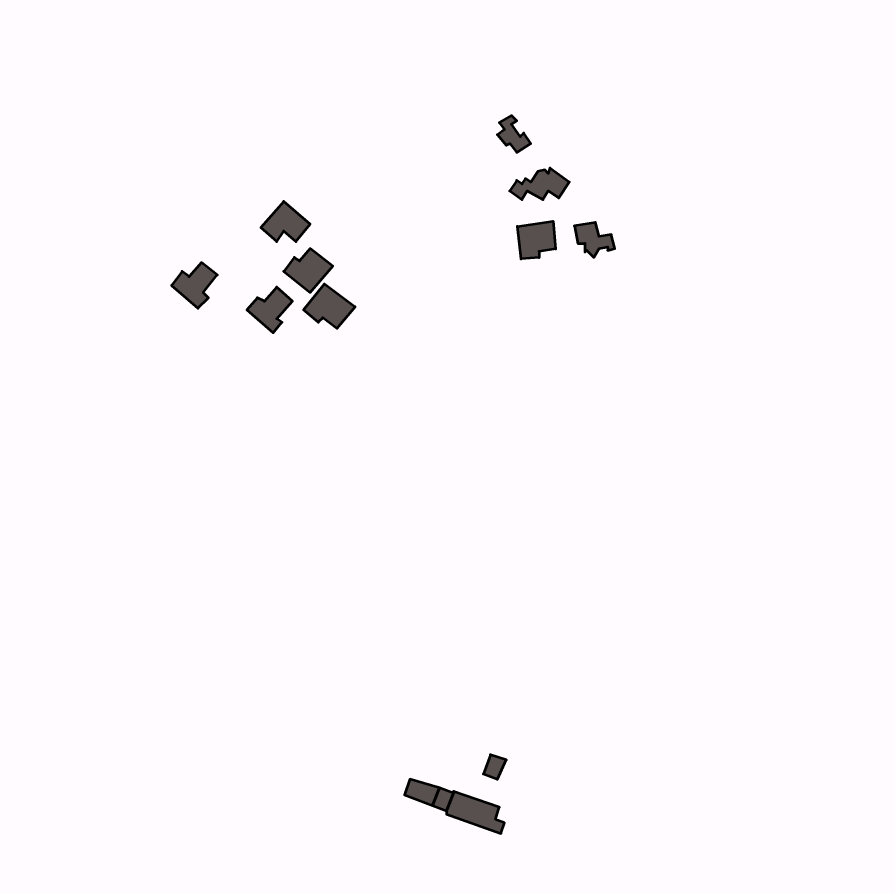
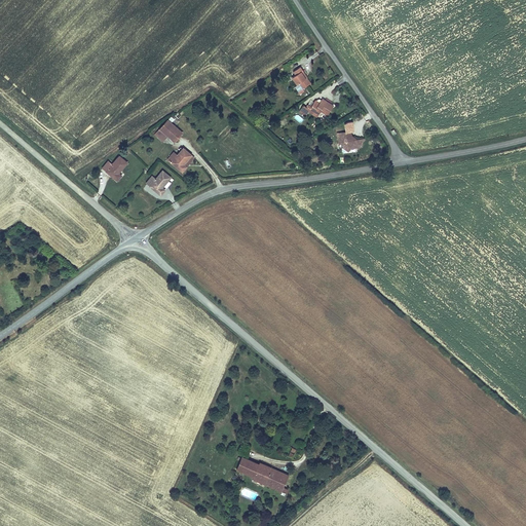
building: [517,221,556,259] -> none
building: [304,284,355,328] -> none

